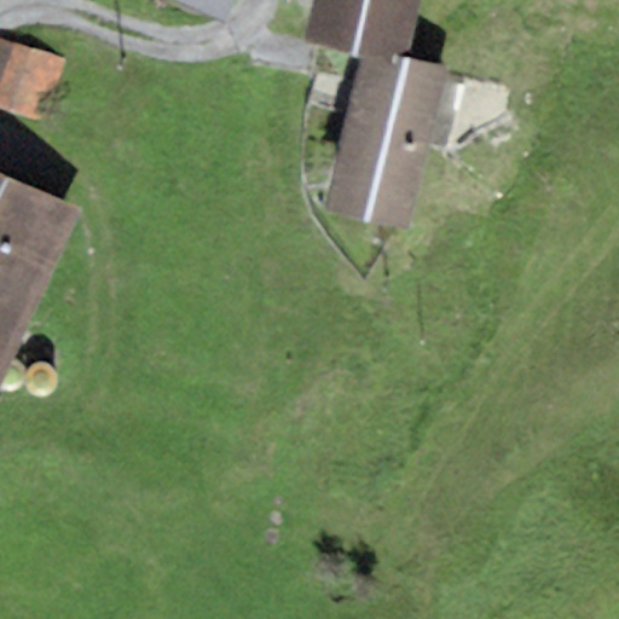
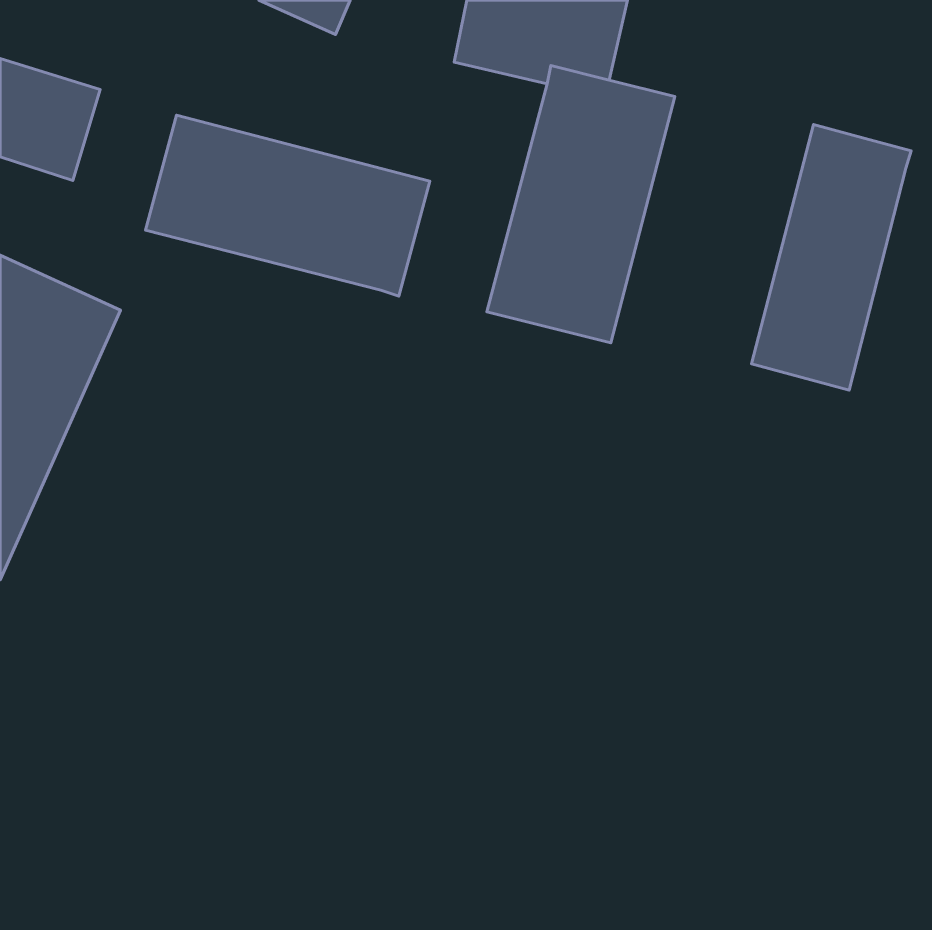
building: none -> [145,115,430,296]
building: none -> [751,124,911,390]

